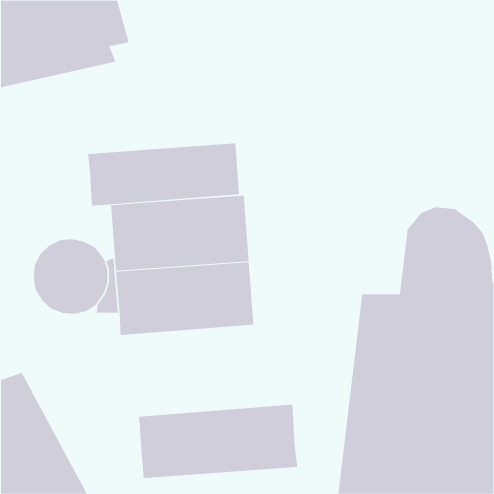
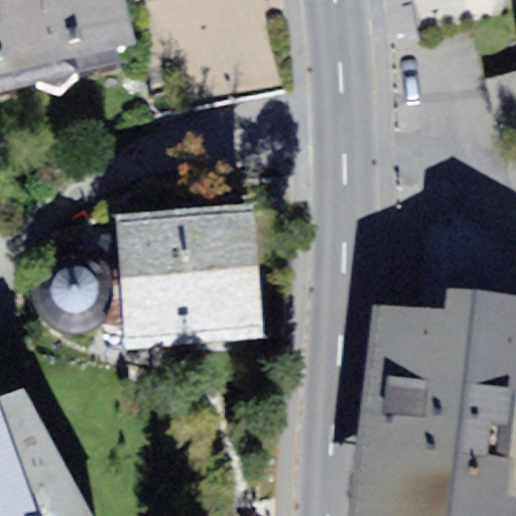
building: [87,143,240,206] -> none
building: [138,404,298,479] -> none

